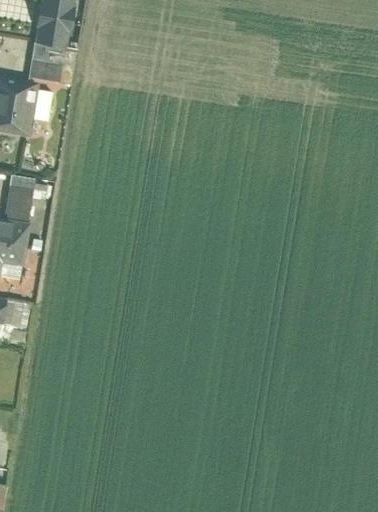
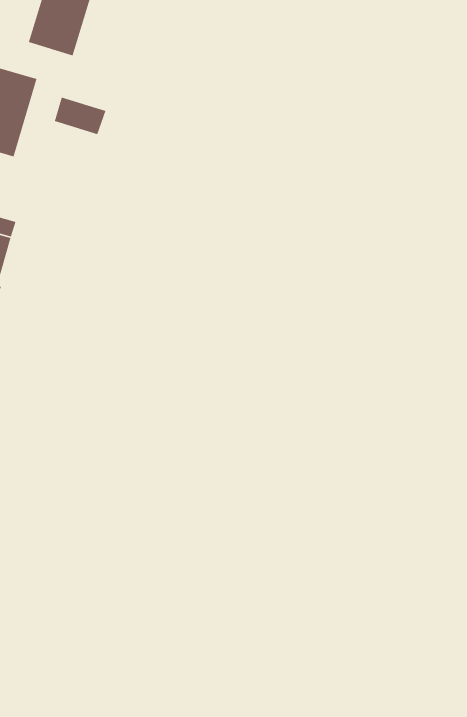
building: [29,59,63,82] -> [54,97,106,135]

